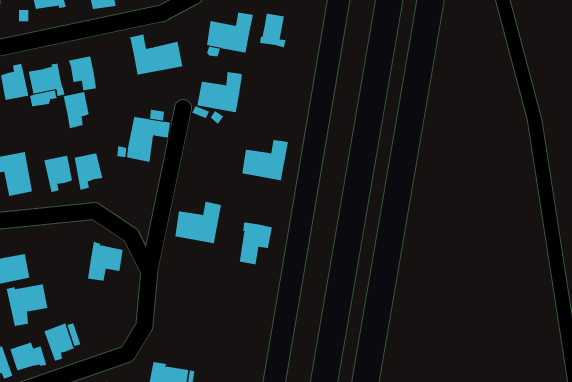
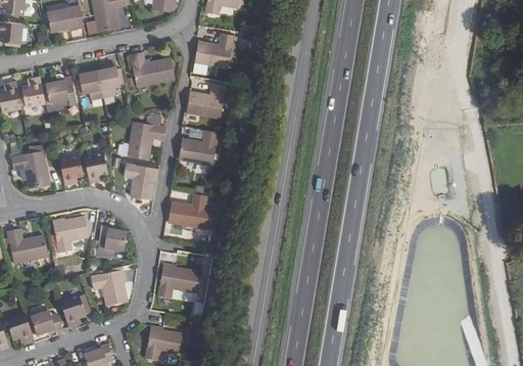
building: [259,13,286,48] -> none
building: [63,91,90,129] -> [98,65,121,97]
building: [241,140,289,181] -> [179,130,219,165]
building: none -> [124,163,159,199]
building: [239,222,272,265] -> none
building: [6,284,48,326] -> [51,218,87,254]
building: none -> [156,264,201,300]
building: none -> [90,271,127,307]

